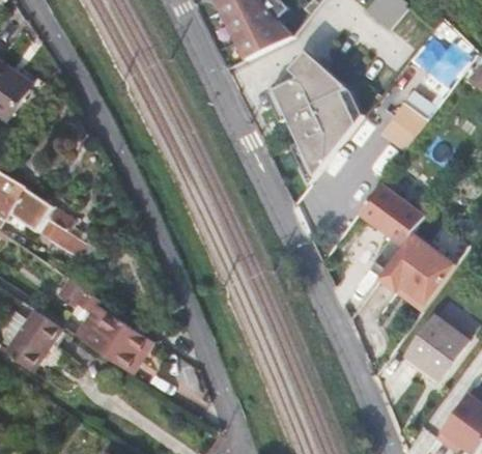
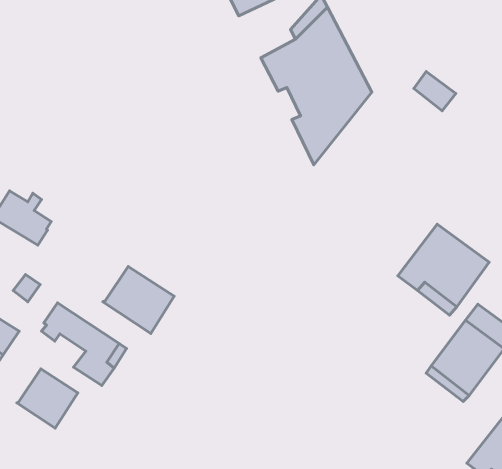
building: [360,182,425,269] -> none
building: none -> [103,266,174,333]
building: none -> [17,369,78,428]

